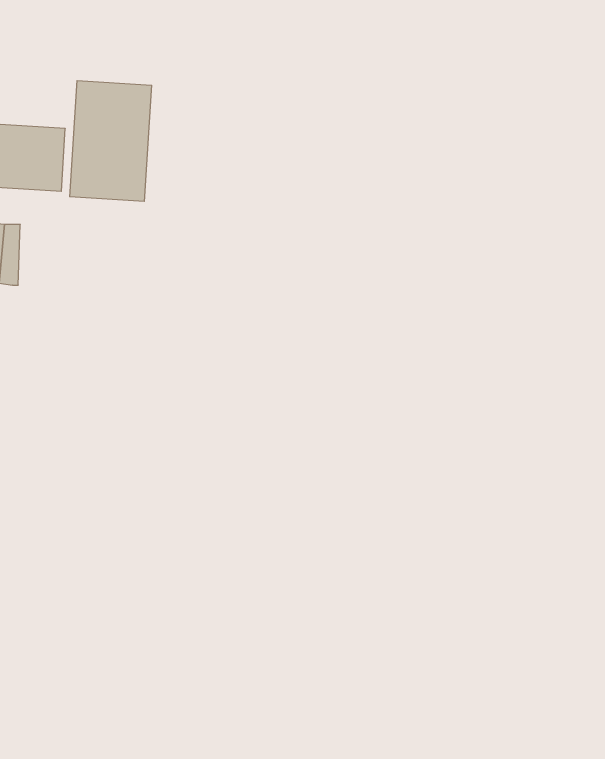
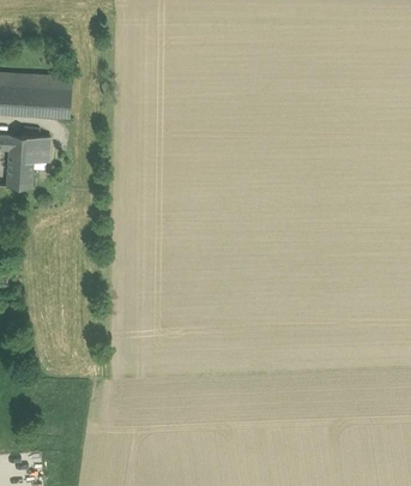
building: [70,81,152,201] -> none

